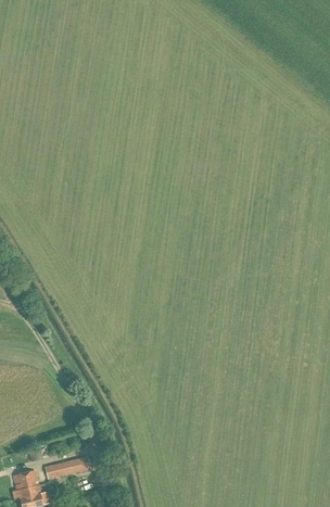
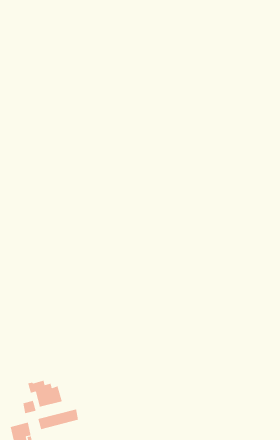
building: none -> [28,380,63,407]

